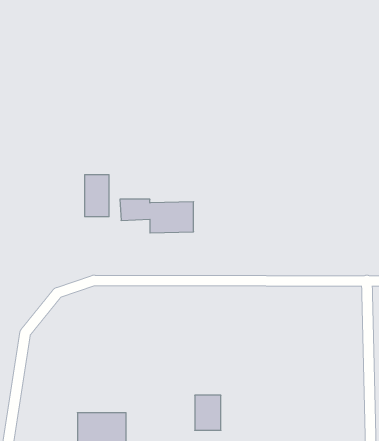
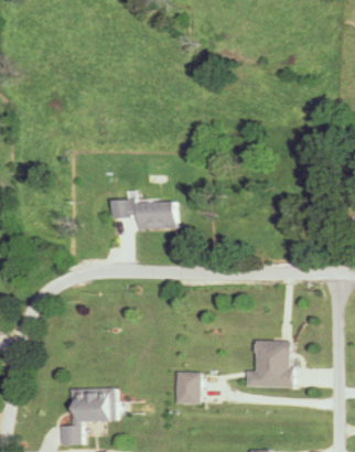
building: [85,175,109,217] -> none
building: none -> [245,341,291,388]

